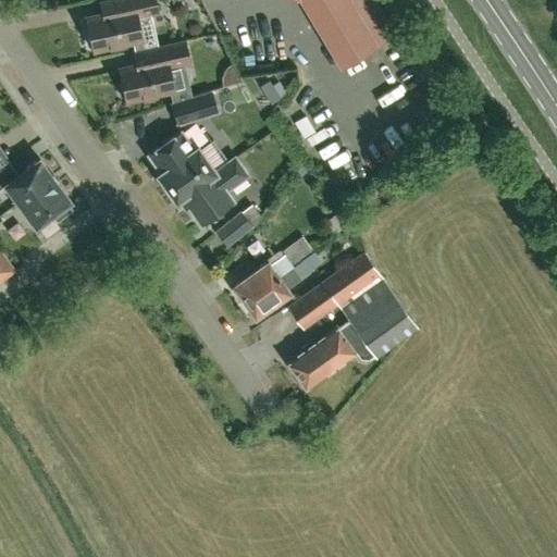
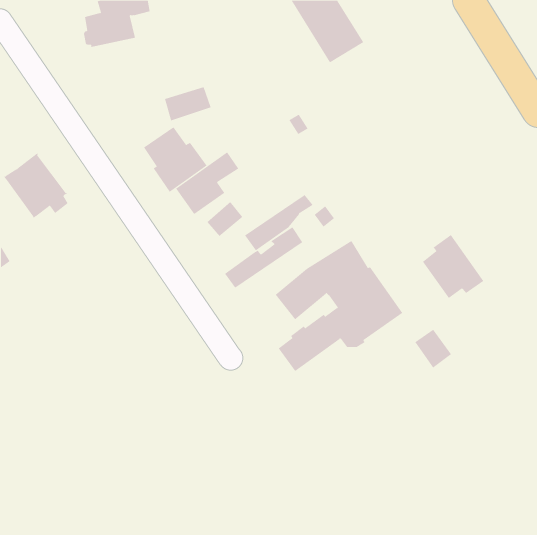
building: [119,44,189,103] -> none
building: none -> [422,234,501,306]
building: [244,253,315,318] -> [244,189,314,251]
building: none -> [414,329,452,368]

